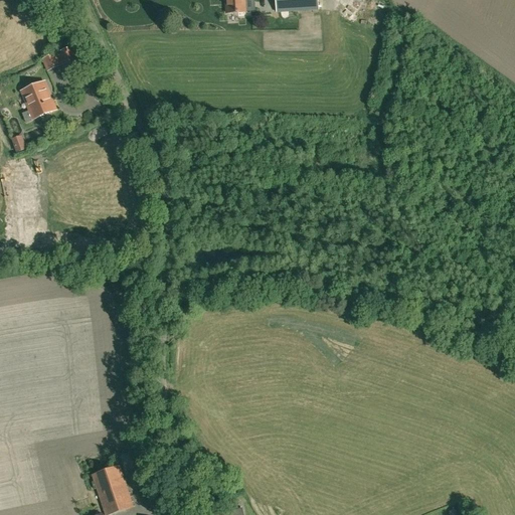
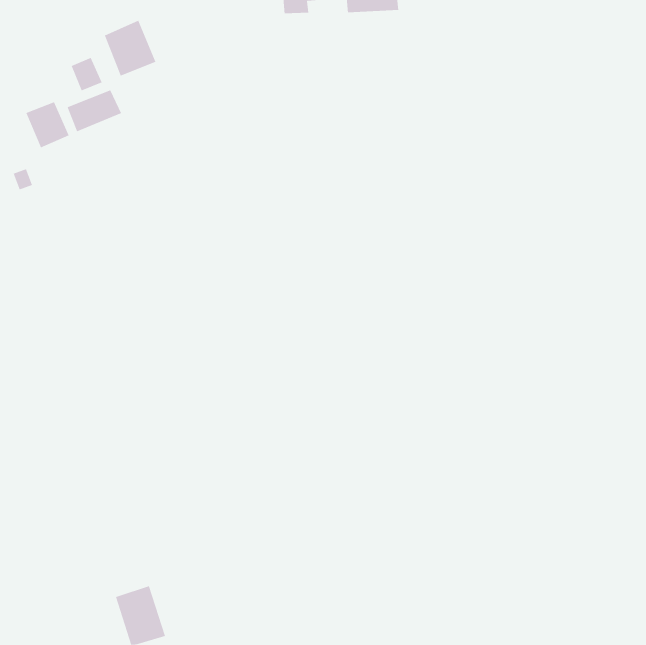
building: none -> [104,20,156,77]
building: none -> [67,89,122,132]

